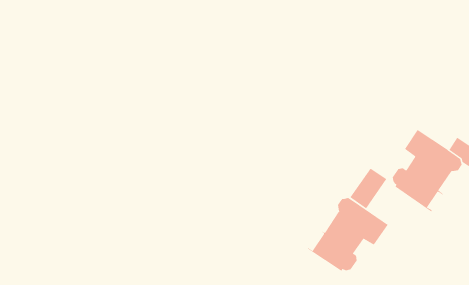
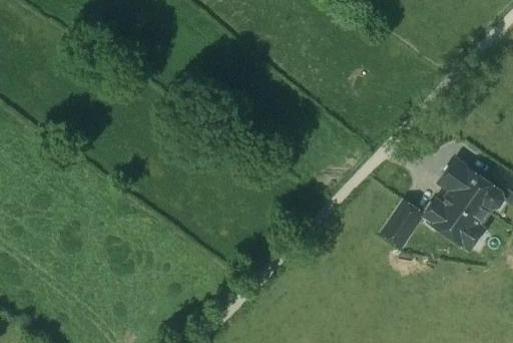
building: [307,197,388,271] -> none

